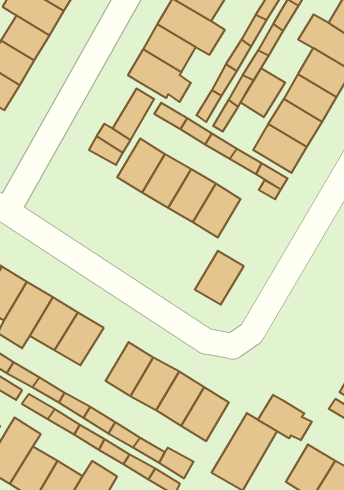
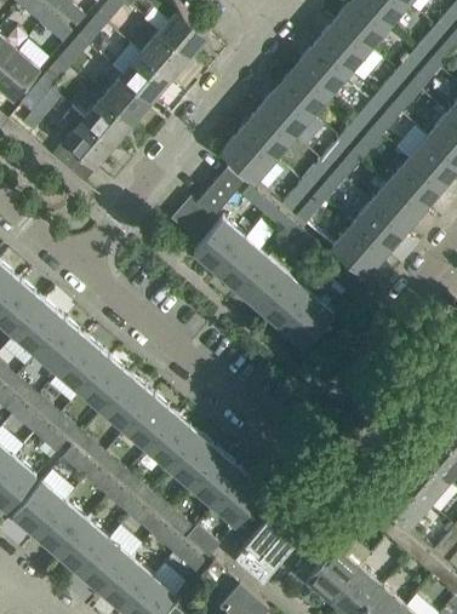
building: [241,68,285,117] -> none
building: [195,251,244,305] -> [281,295,333,349]
building: none -> [125,398,176,451]
building: [258,395,312,440] -> none

